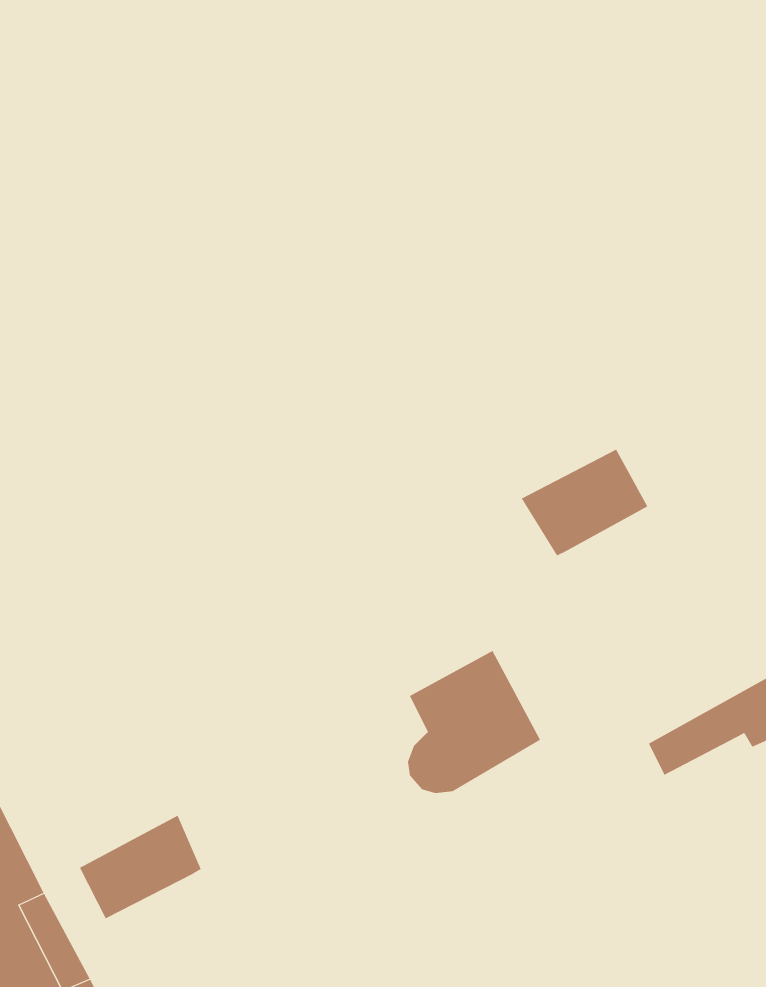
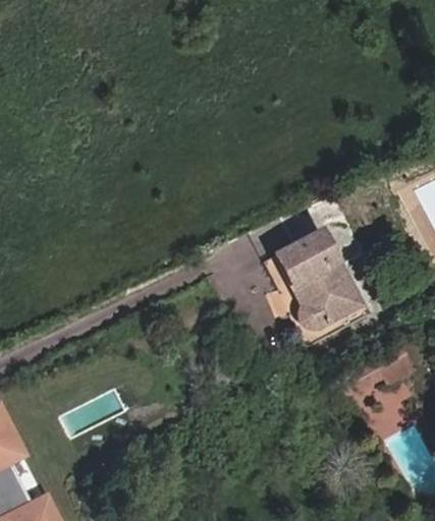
building: [407,650,541,794] -> [291,260,360,334]
building: [79,815,202,919] -> none

